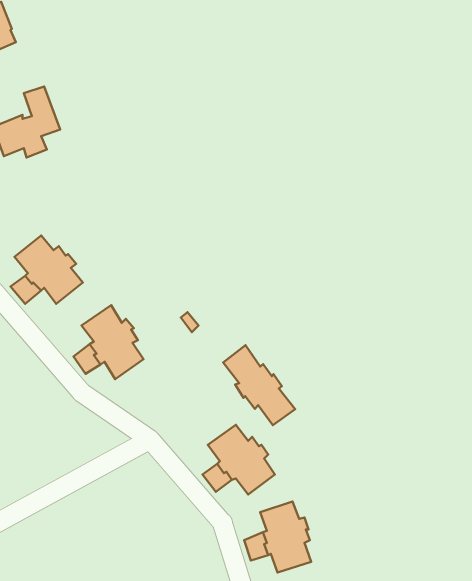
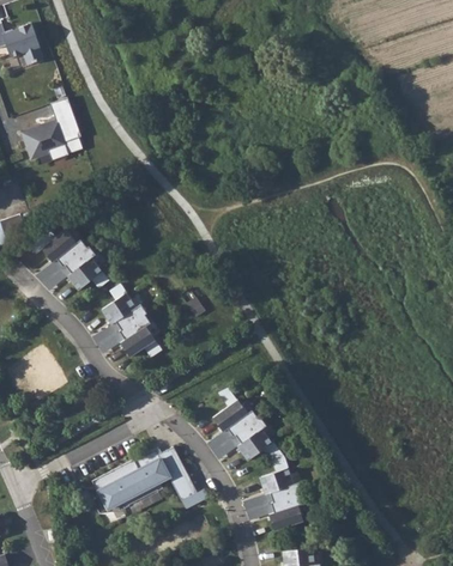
building: [223,345,295,425] -> none
building: none -> [92,446,209,515]

